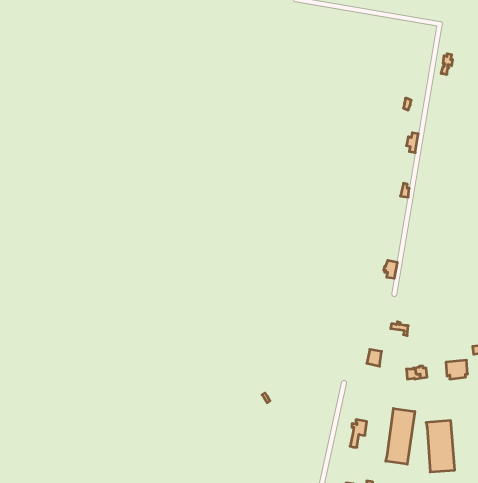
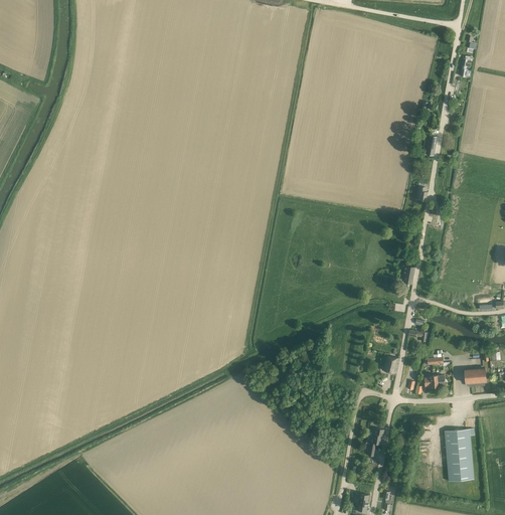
building: [386,408,415,464] -> none

